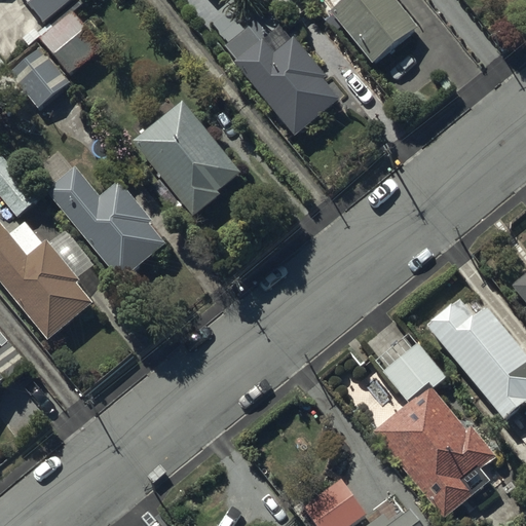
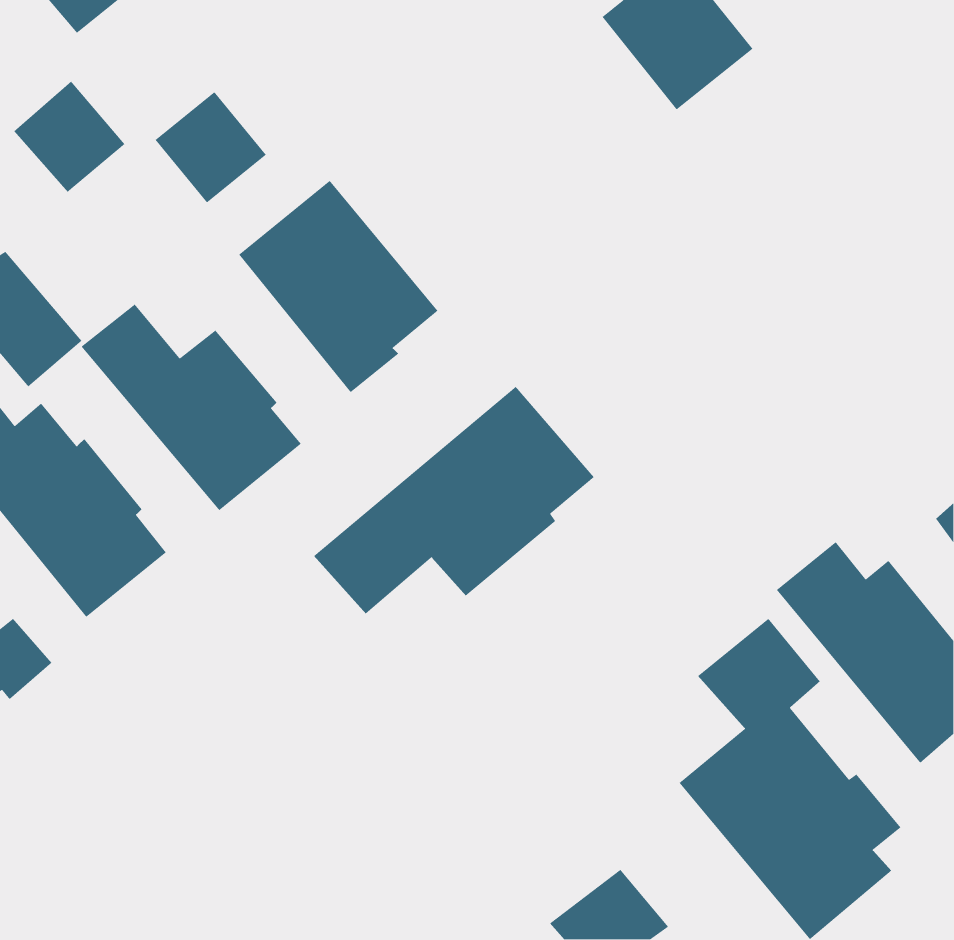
building: [40,11,102,73] -> [154,91,267,203]
building: [224,24,338,135] -> none
building: none -> [313,386,595,614]

